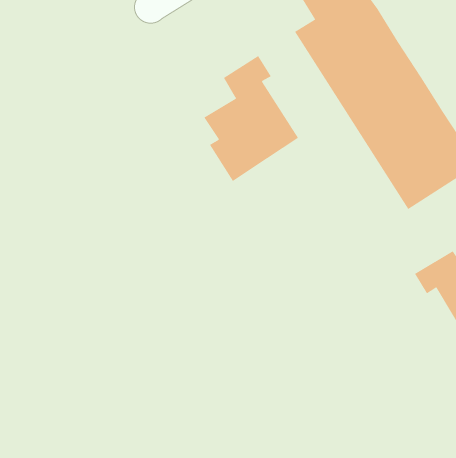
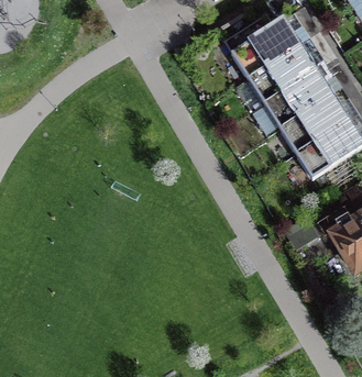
building: [203,55,299,182] -> none

